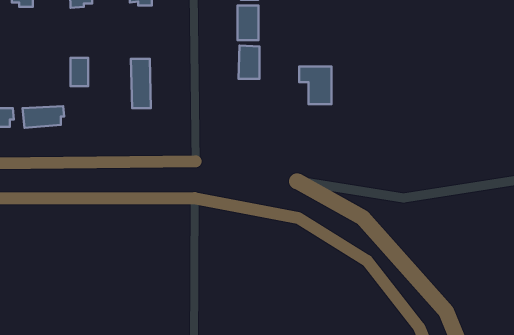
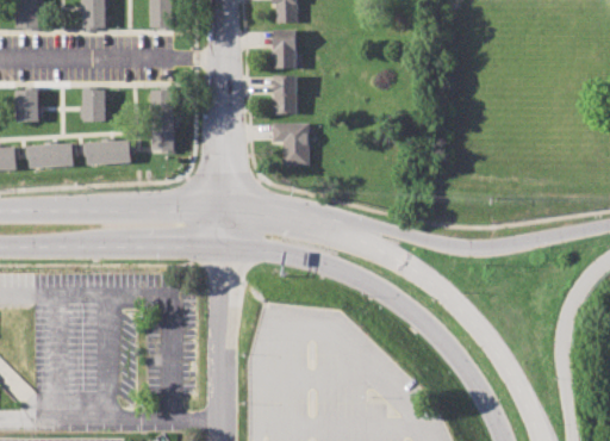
building: none -> [15,89,38,120]
building: [299,67,332,104] -> [272,123,309,166]
building: none -> [85,139,130,164]

